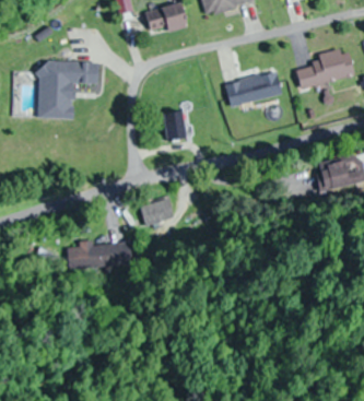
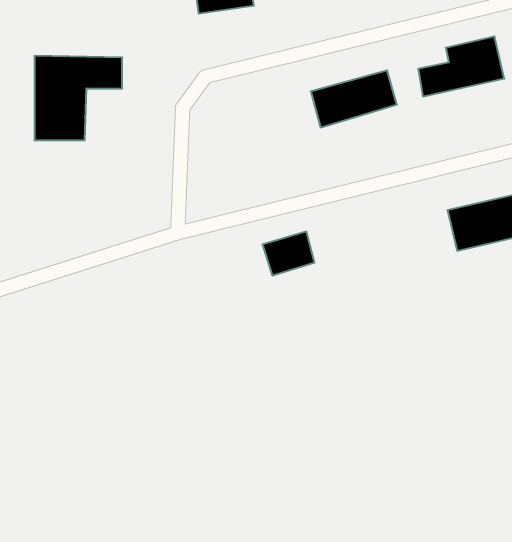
building: [163,109,190,141] -> none
building: [139,198,174,227] -> [262,232,315,275]
building: [64,243,128,269] -> none

